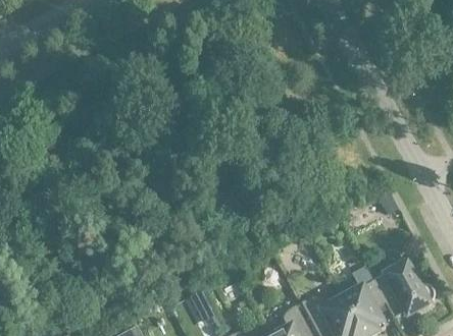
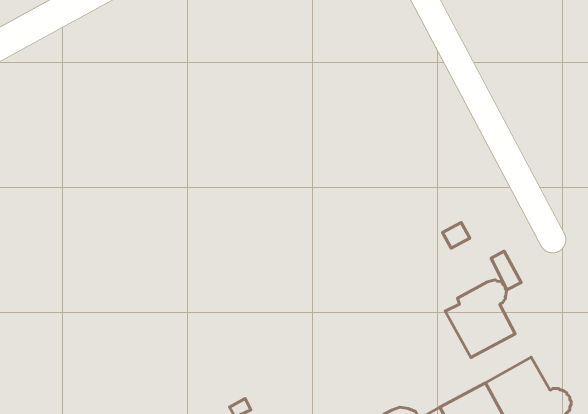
building: none -> [445,280,515,357]

